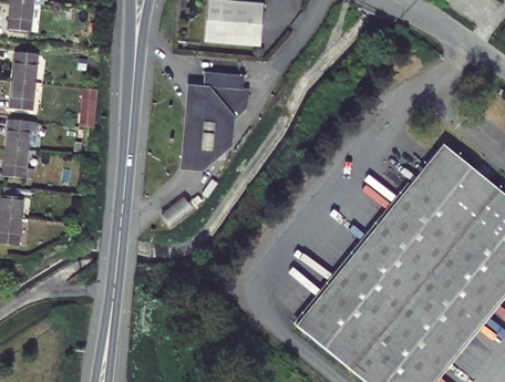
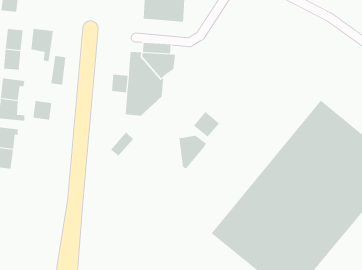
building: none -> [31,28,53,62]
building: none -> [111,74,128,93]
building: none -> [33,100,52,121]
building: none -> [193,111,220,137]
building: none -> [179,135,207,169]

